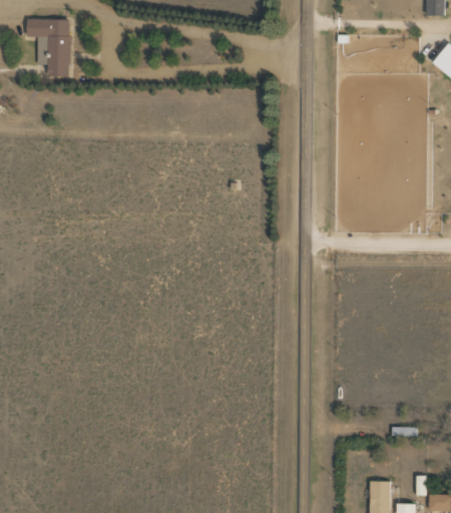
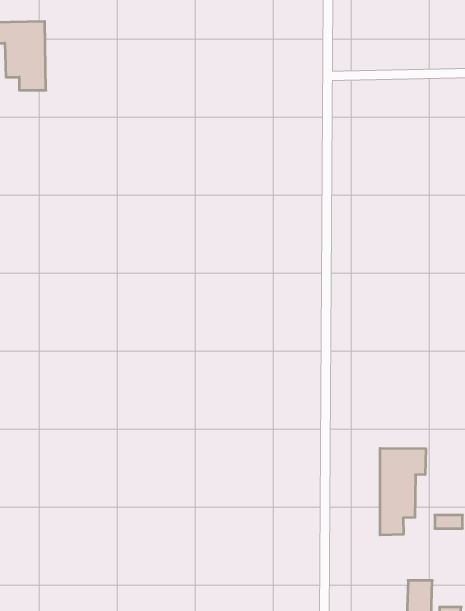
building: none -> [380,448,426,535]

